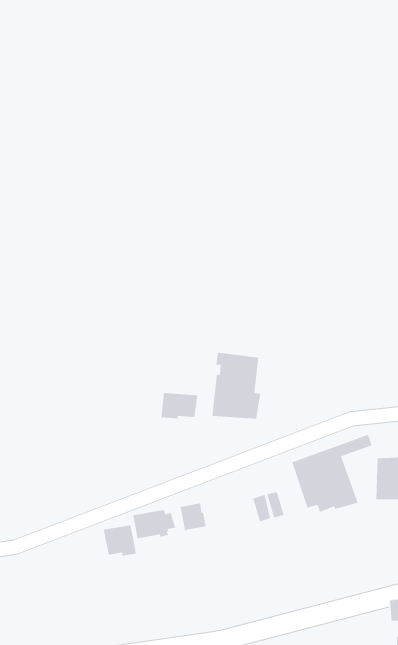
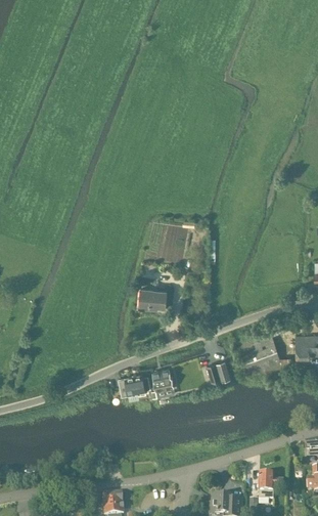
building: [212,352,261,420] -> none
building: [103,524,137,557] -> none

